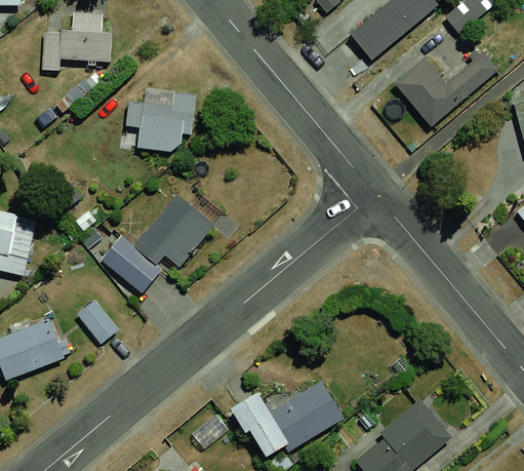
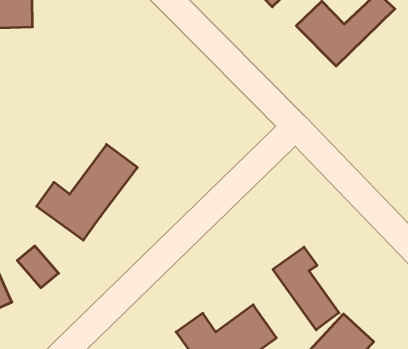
building: [131,88,193,157] -> none
building: none -> [273,247,339,330]

